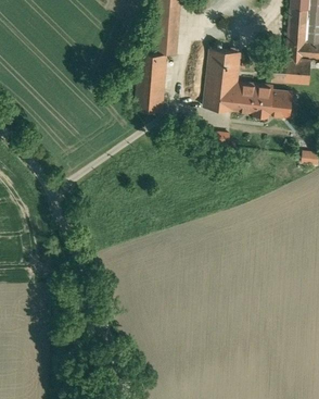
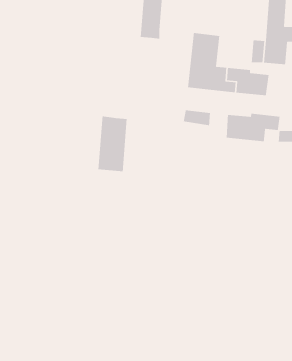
building: [135,51,166,111] -> [98,115,127,172]
building: none -> [226,113,280,142]

